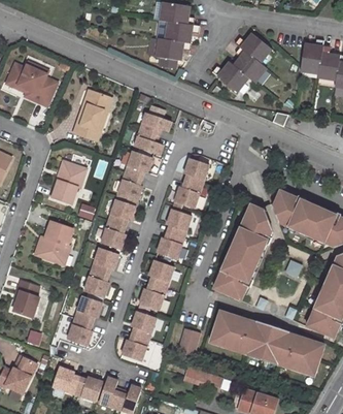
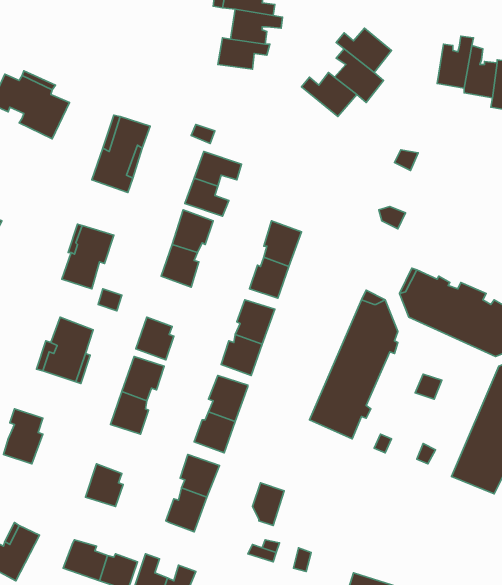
building: [108,199,135,228] -> none
building: [75,295,103,324] -> none
building: [208,311,323,377] -> none

